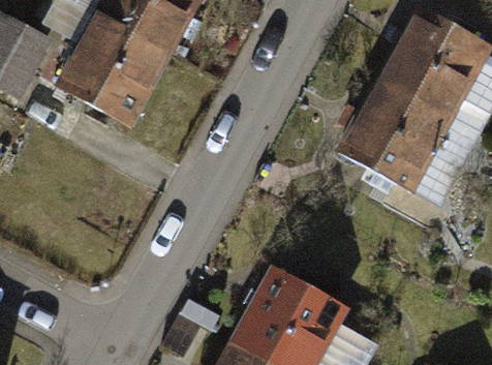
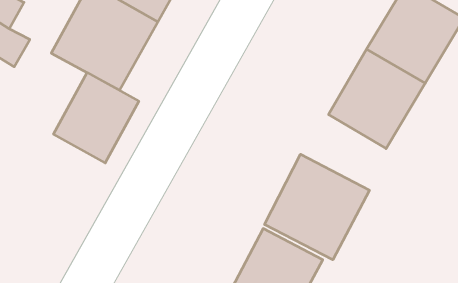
building: none -> [54,73,139,163]
building: none -> [265,154,369,260]

